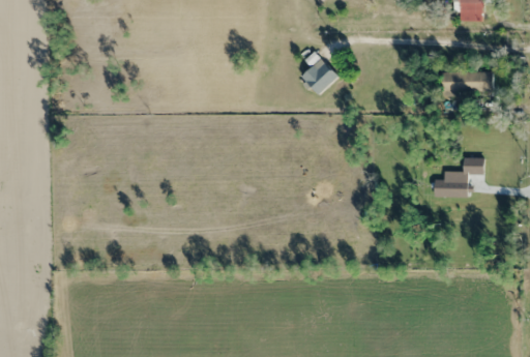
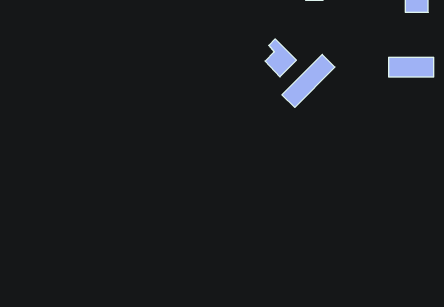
building: none -> [282,54,335,107]
building: [443,157,483,199] -> none

